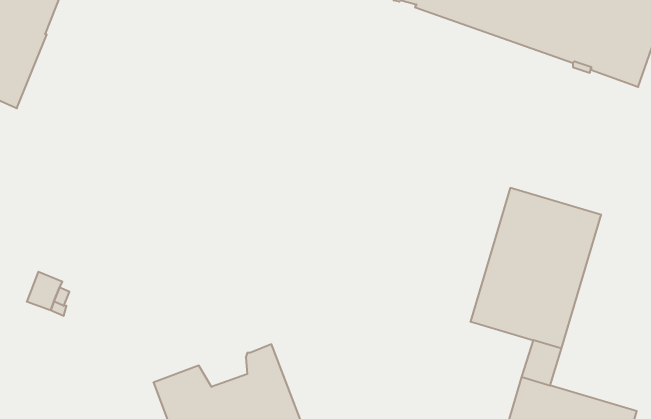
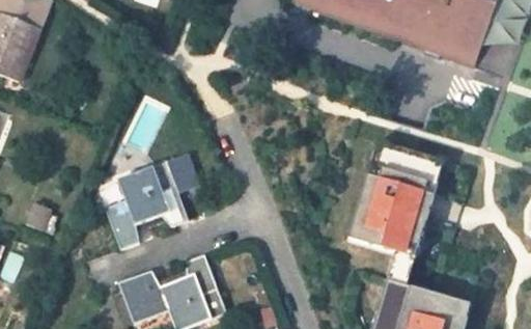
building: none -> [105,157,189,249]

